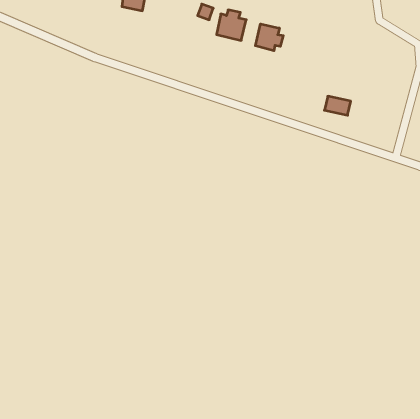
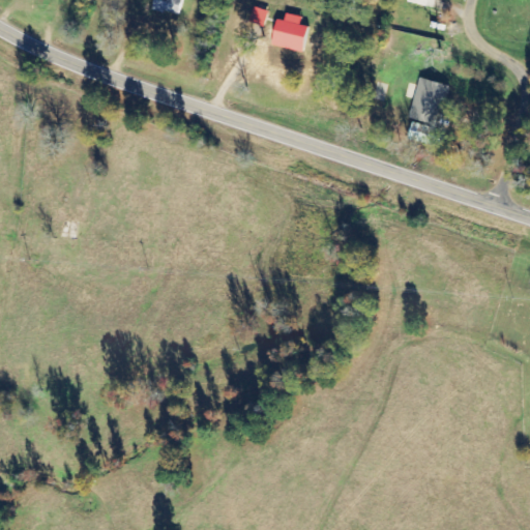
building: [255,24,283,51] -> none
building: none -> [409,77,445,122]

